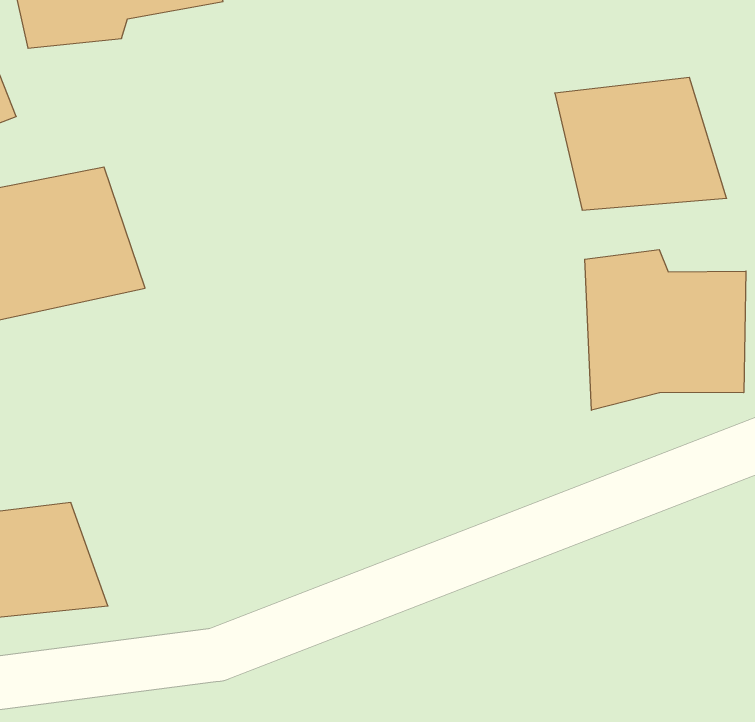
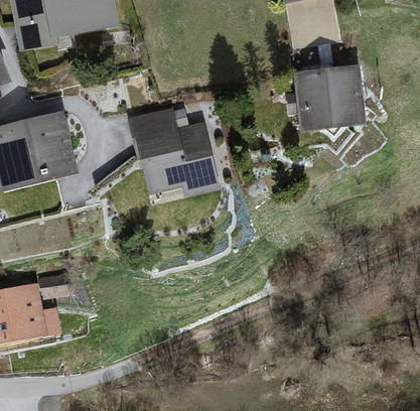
building: none -> [121,103,225,198]
building: [585,250,746,410] -> none

